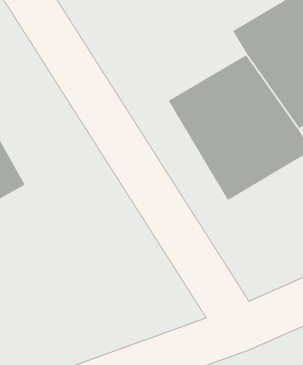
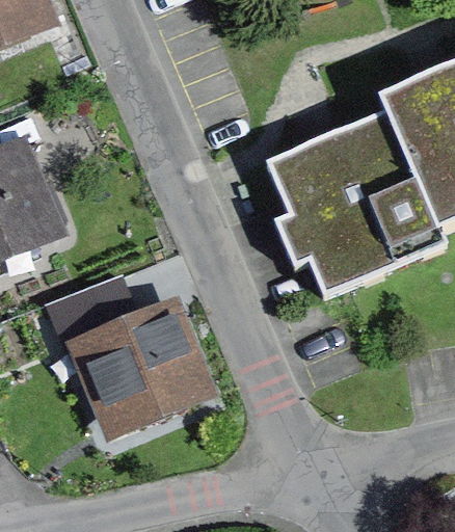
building: none -> [63,298,210,441]

